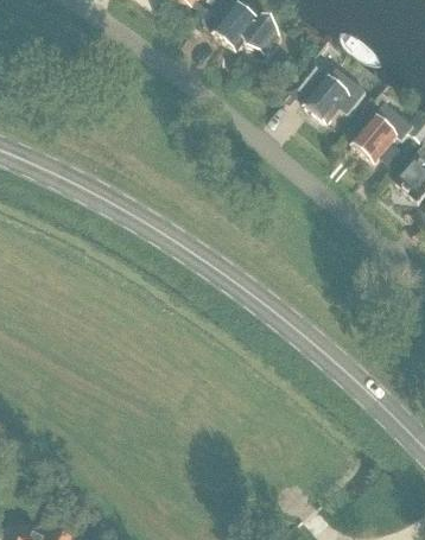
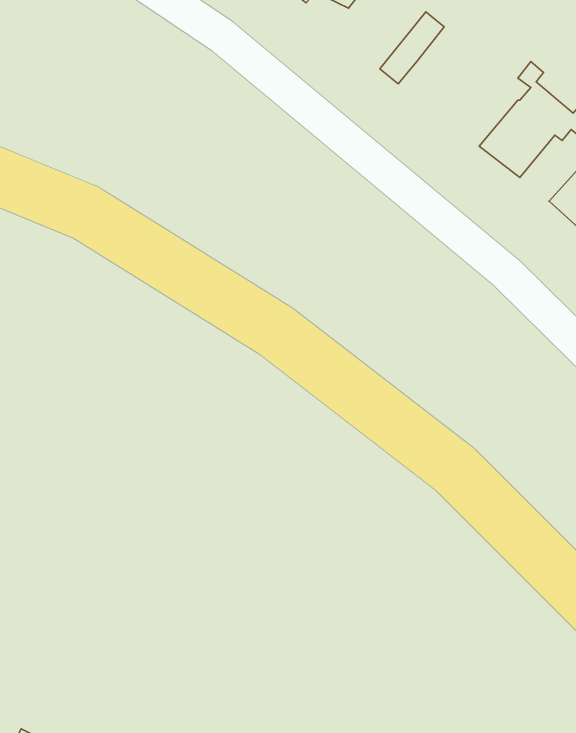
building: [304,66,367,123] -> none

